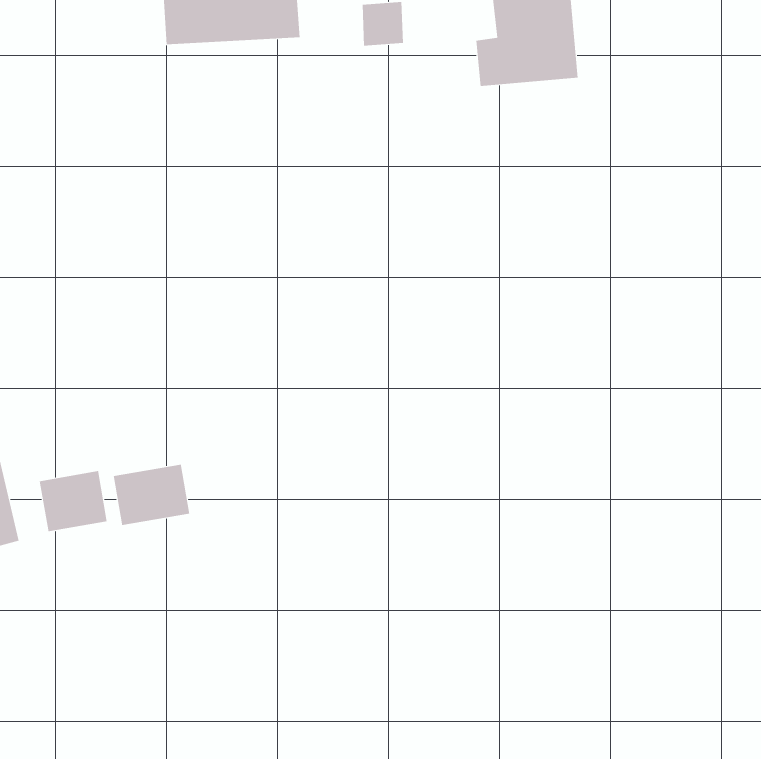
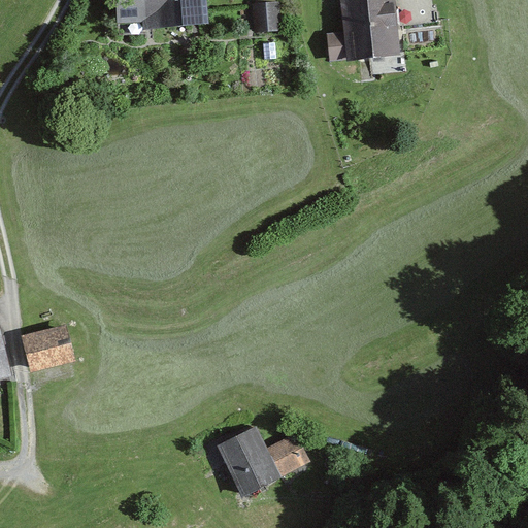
building: [113,464,190,526] -> none
building: none -> [216,423,308,495]

